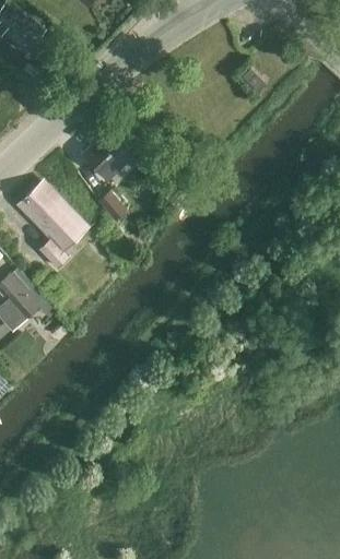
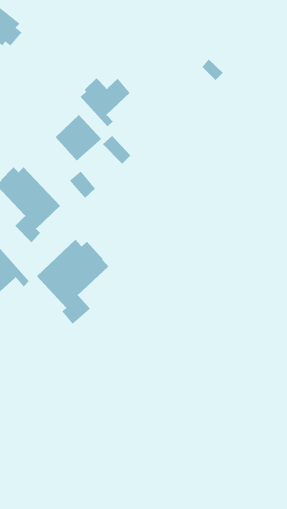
building: none -> [80,78,131,127]
building: none -> [36,239,109,325]

